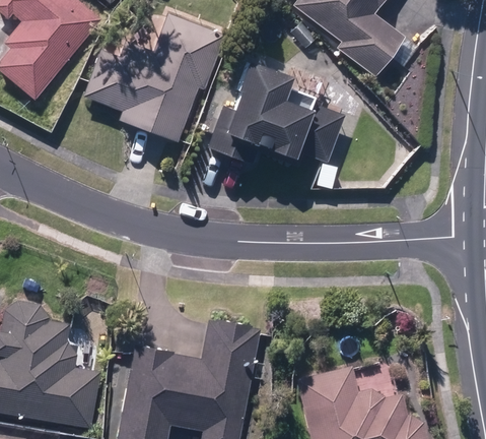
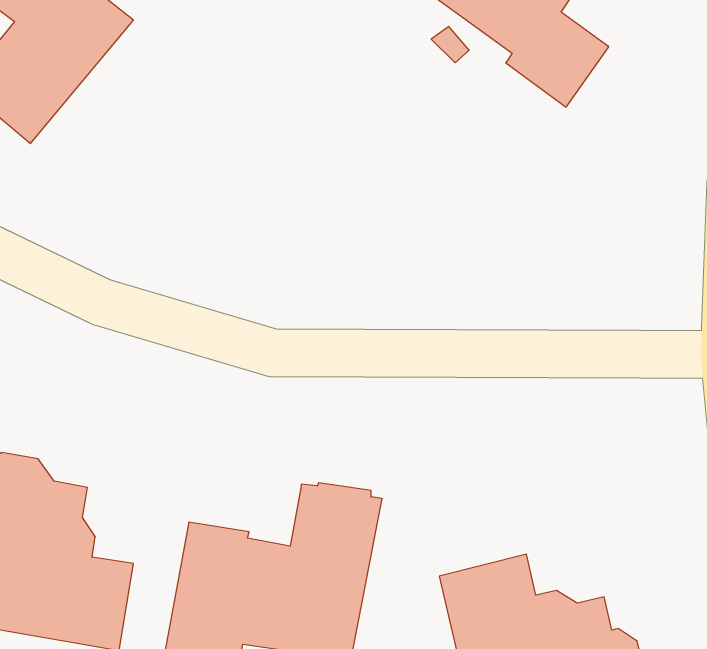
building: [85,18,225,144] -> none
building: [208,66,345,176] -> none

